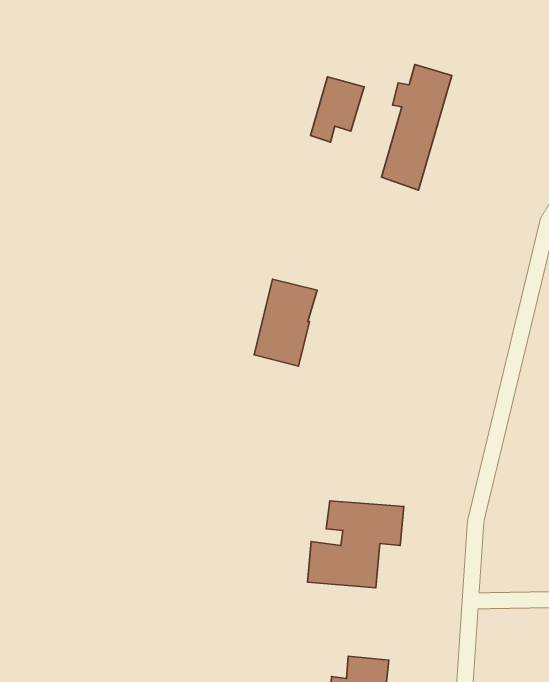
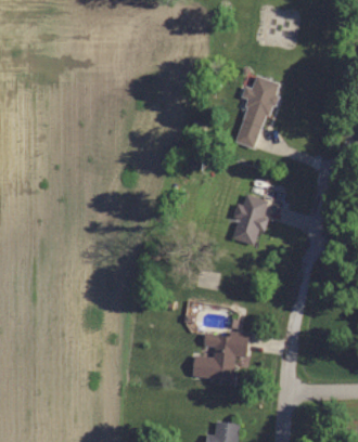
building: [311,77,364,142] -> none
building: [254,279,317,366] -> [232,193,269,244]

